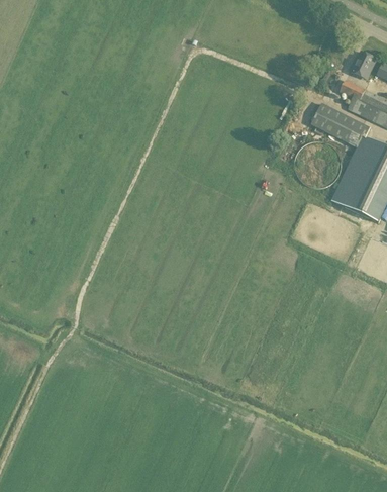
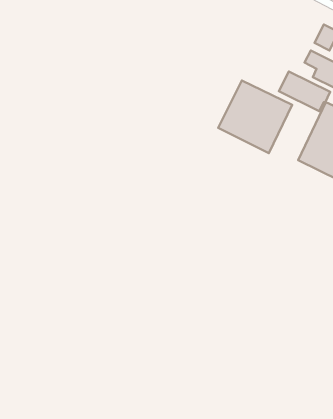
building: none -> [218,81,292,153]

